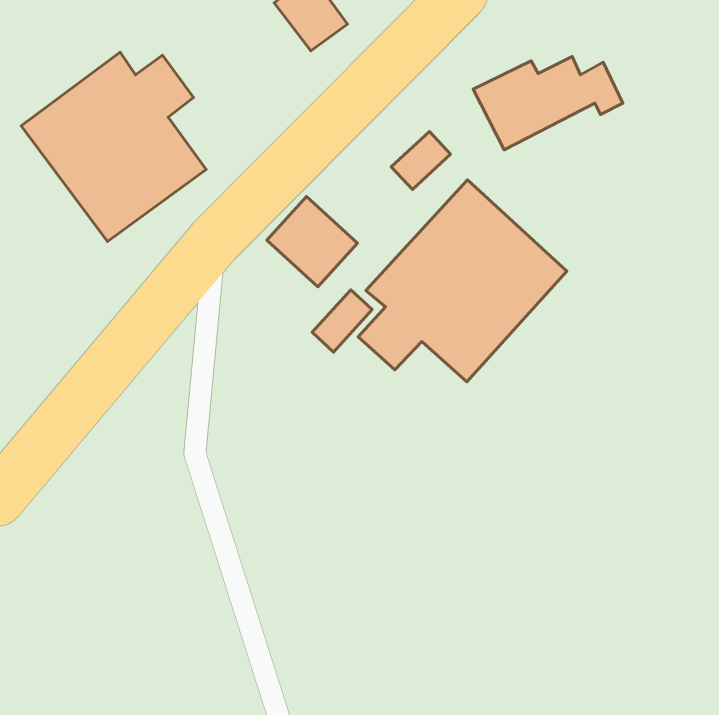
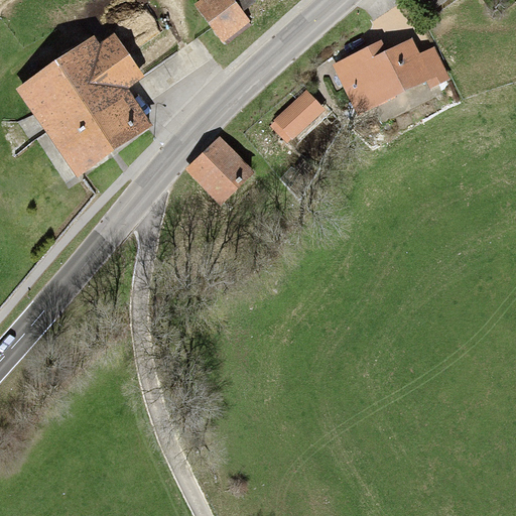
building: [358,180,567,382] -> none
building: [312,290,372,352] -> none

